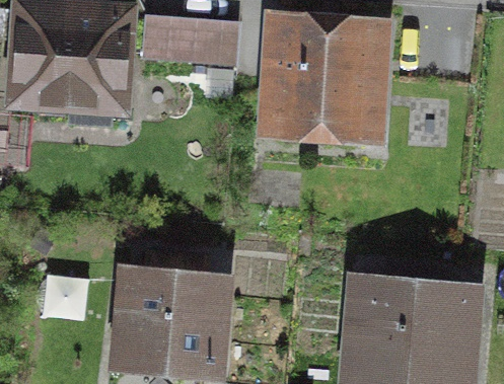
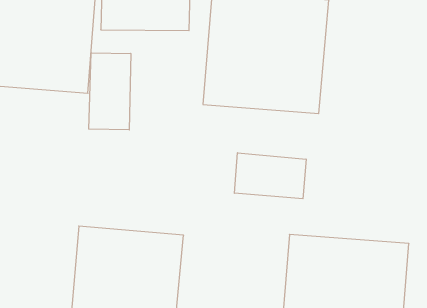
building: none -> [89,53,131,130]
building: none -> [234,153,306,199]

